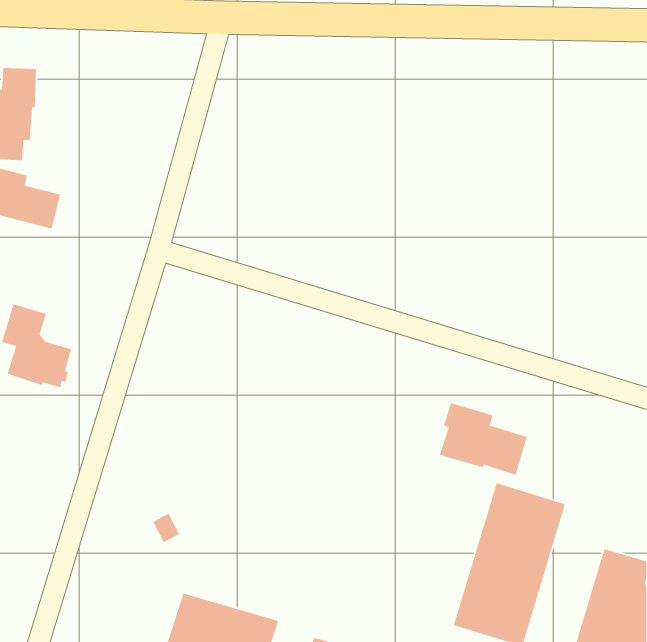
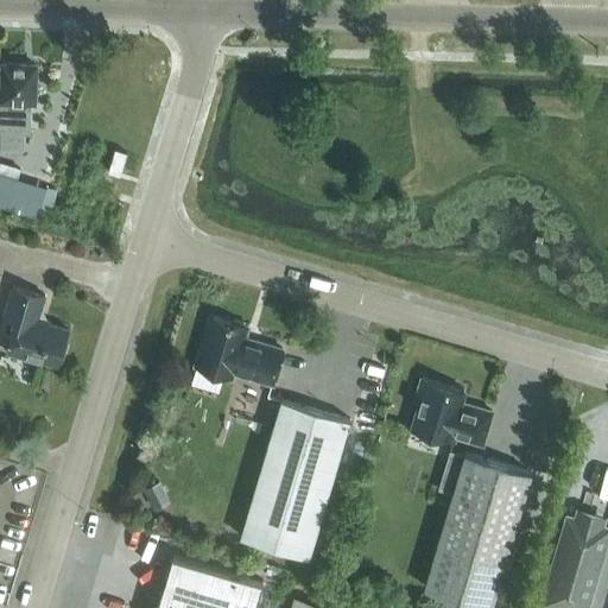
building: none -> [195,321,281,388]
building: none -> [240,404,349,562]

